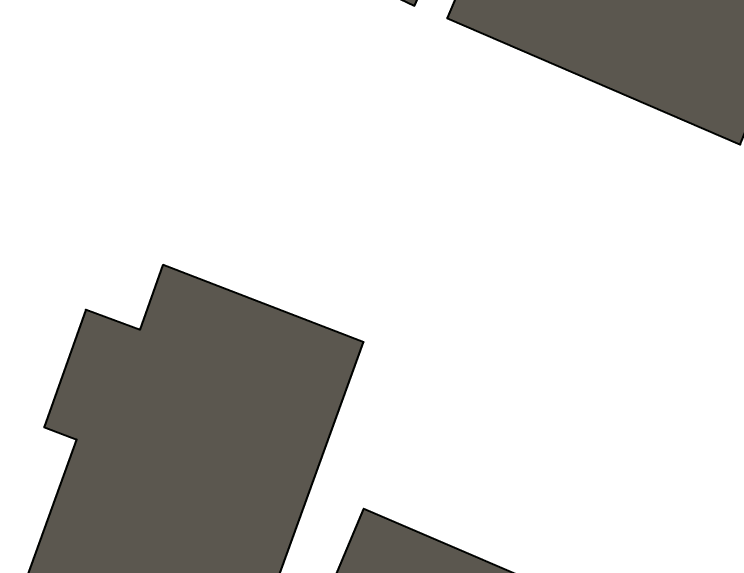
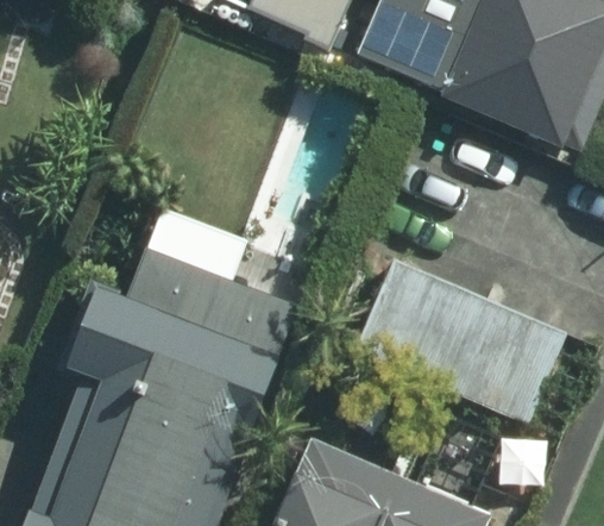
building: none -> [359,258,574,421]

